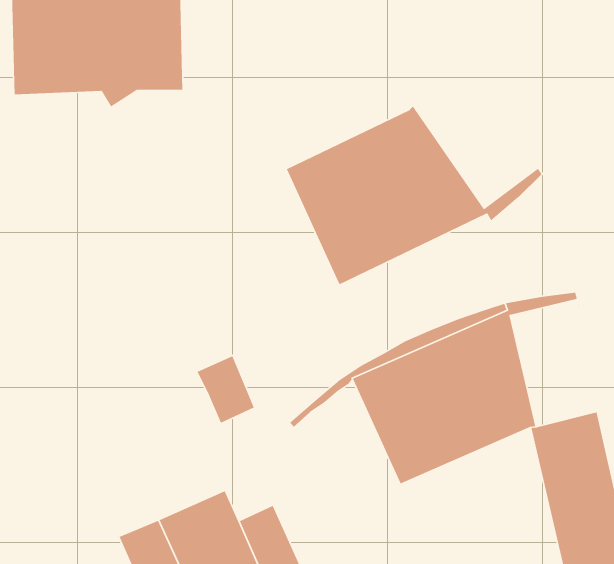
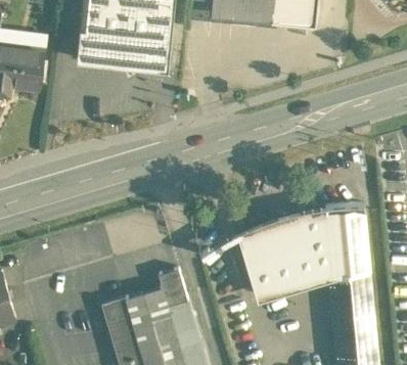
building: [286,105,543,285] -> none
building: none -> [327,211,370,276]
building: [197,355,255,424] -> [159,270,187,306]

